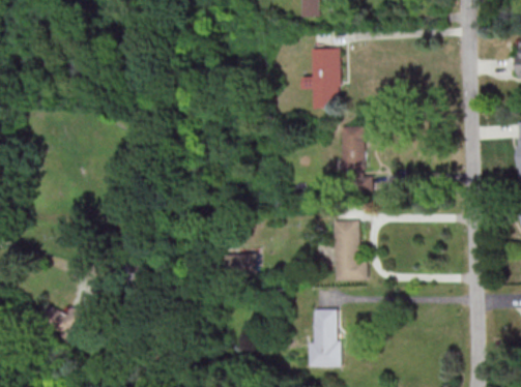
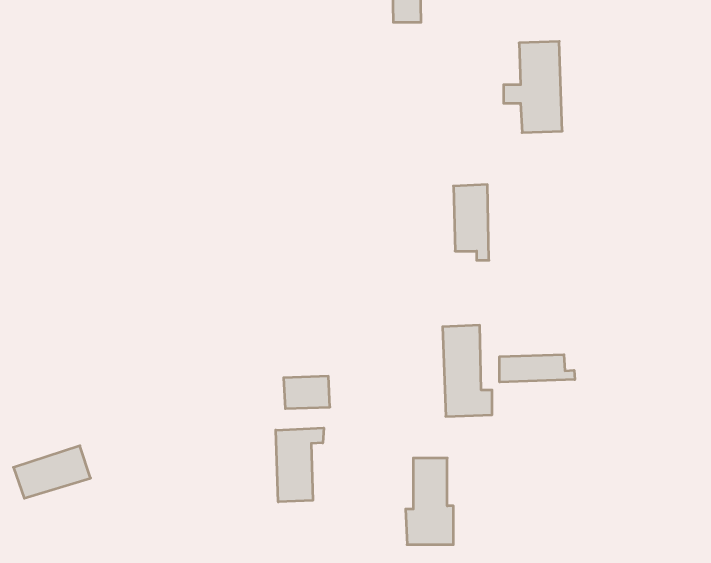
building: [301,48,341,109] -> [504,41,562,133]
building: none -> [500,355,575,382]
building: none -> [276,428,324,502]

